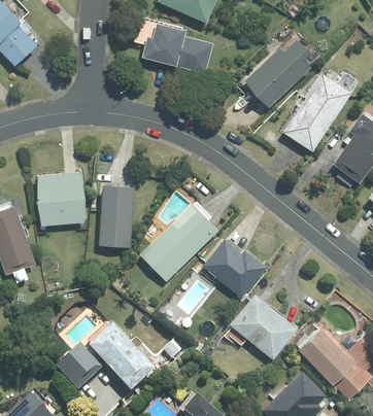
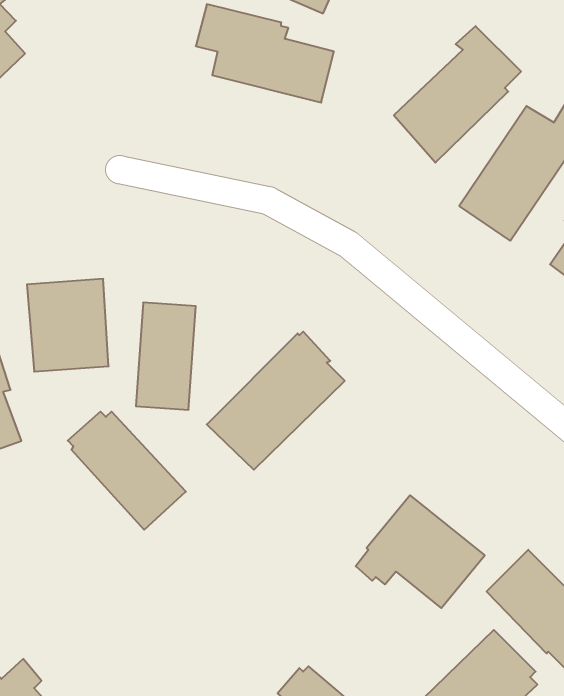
building: [202,239,266,298] -> none
building: [87,322,154,389] -> [68,412,186,530]
building: [56,342,102,388] -> none

